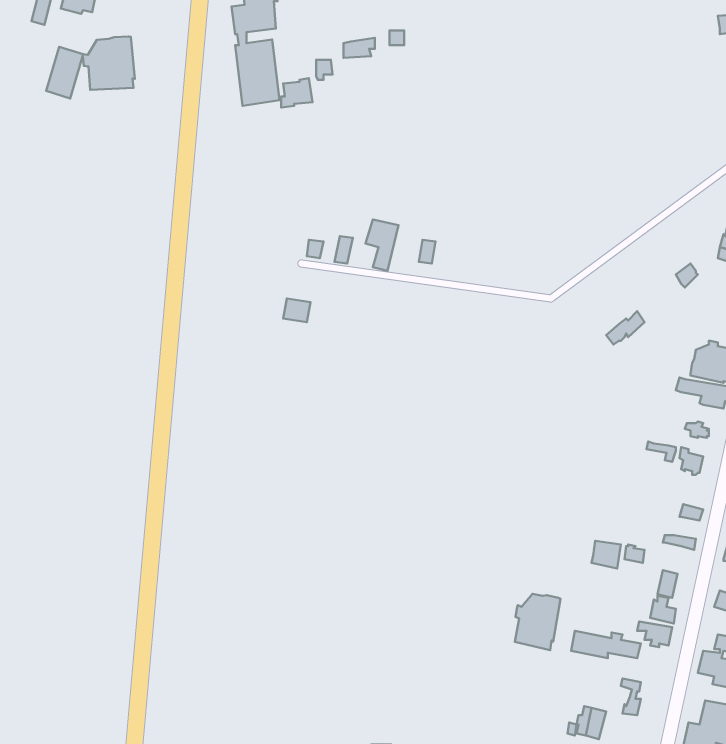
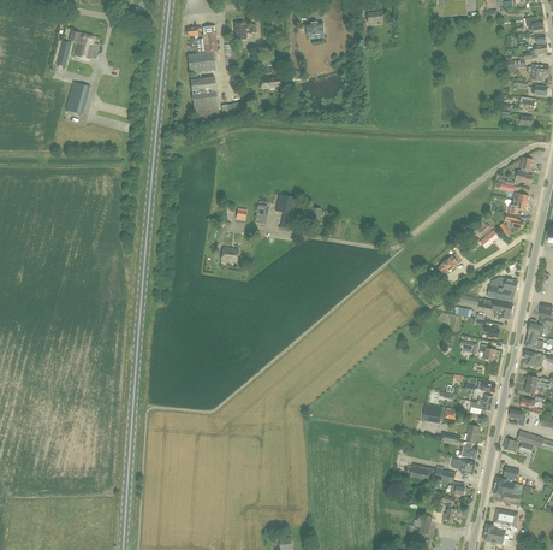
building: [83,36,135,90] -> none
building: [515,594,560,650] -> none

